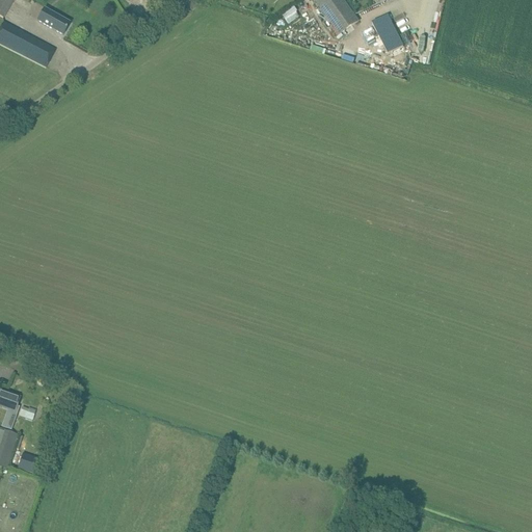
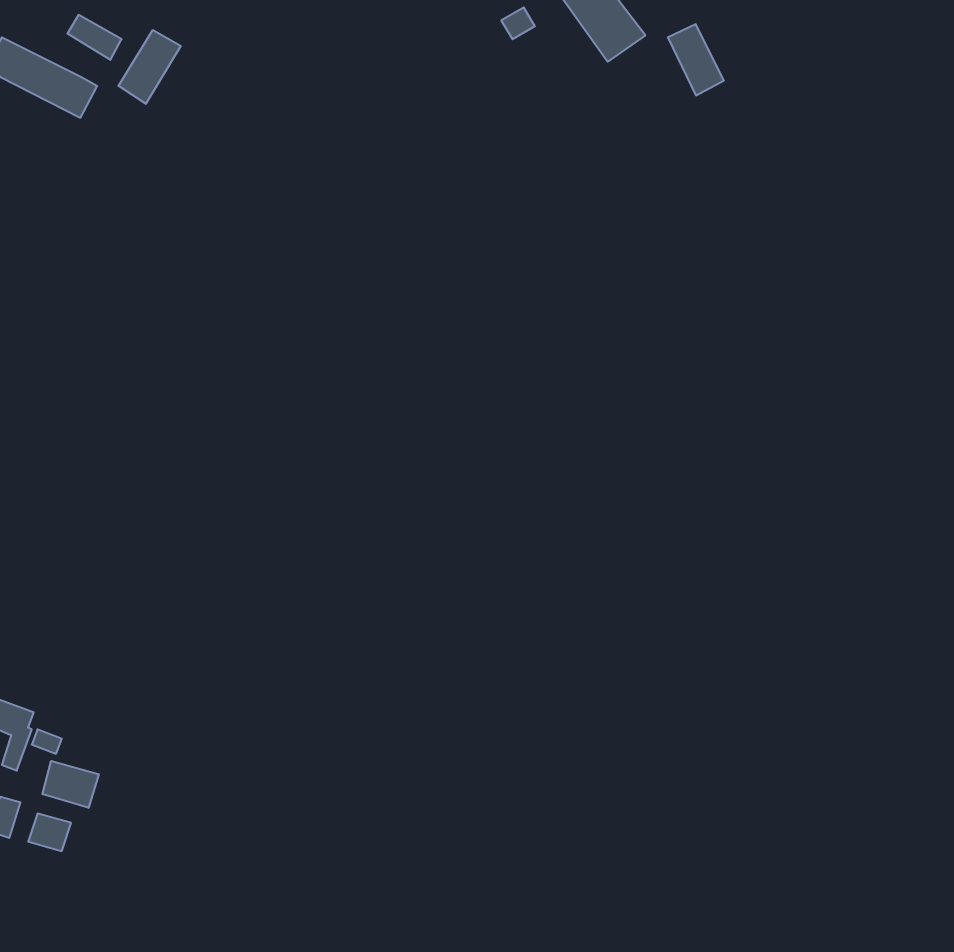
building: none -> [118,30,181,104]
building: none -> [42,761,99,808]

